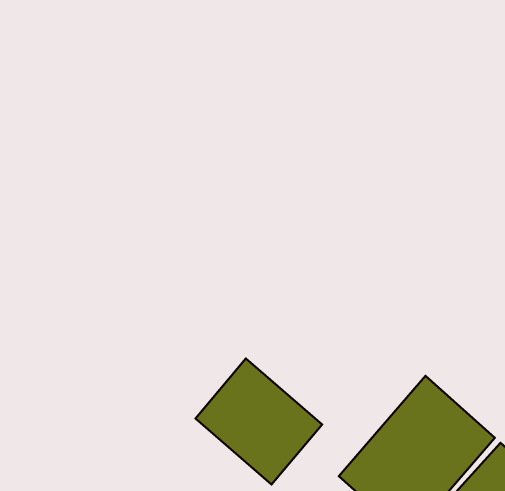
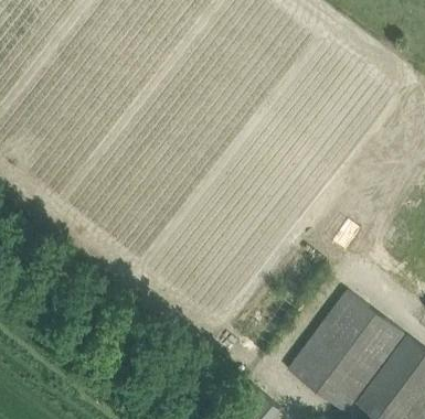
building: [195,359,322,484] -> none

